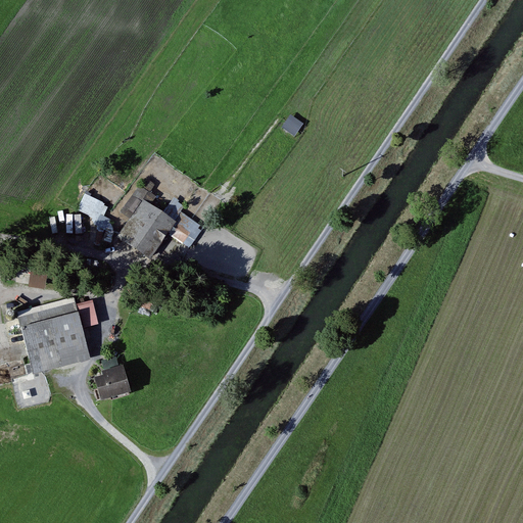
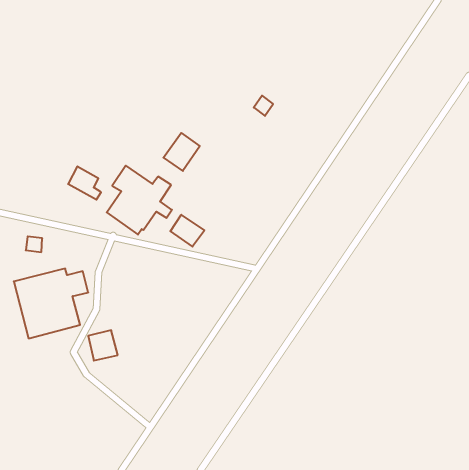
building: none -> [163,133,200,171]
building: none -> [170,215,204,247]

